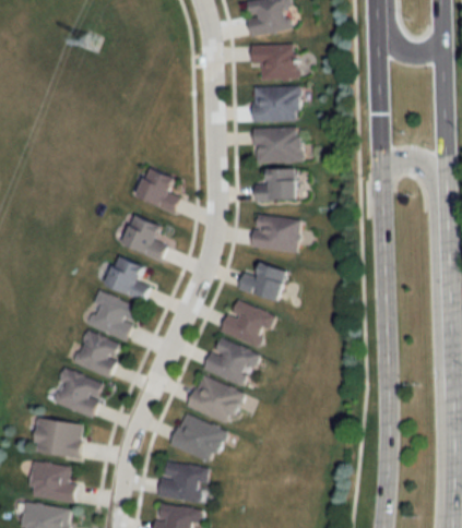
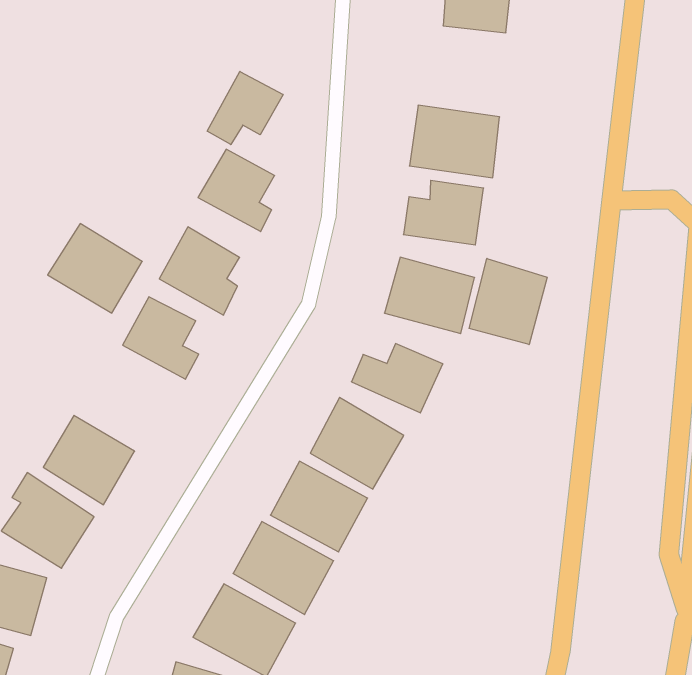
building: [253,86,299,122] -> none
building: none -> [207,71,283,145]
building: none -> [469,258,547,345]
building: [86,292,139,340] -> [48,224,142,313]

